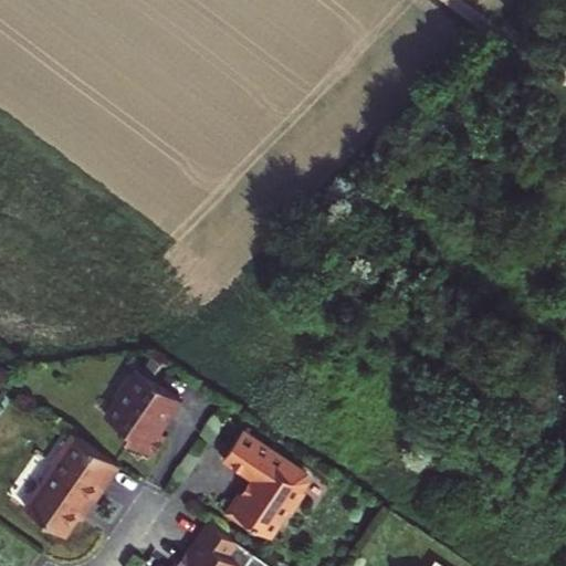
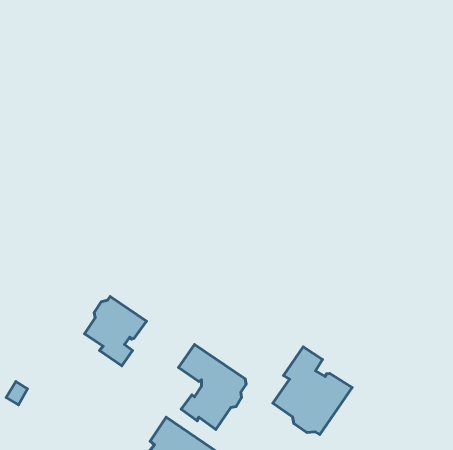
building: none -> [273,347,352,435]
building: [24,437,119,538] -> none

